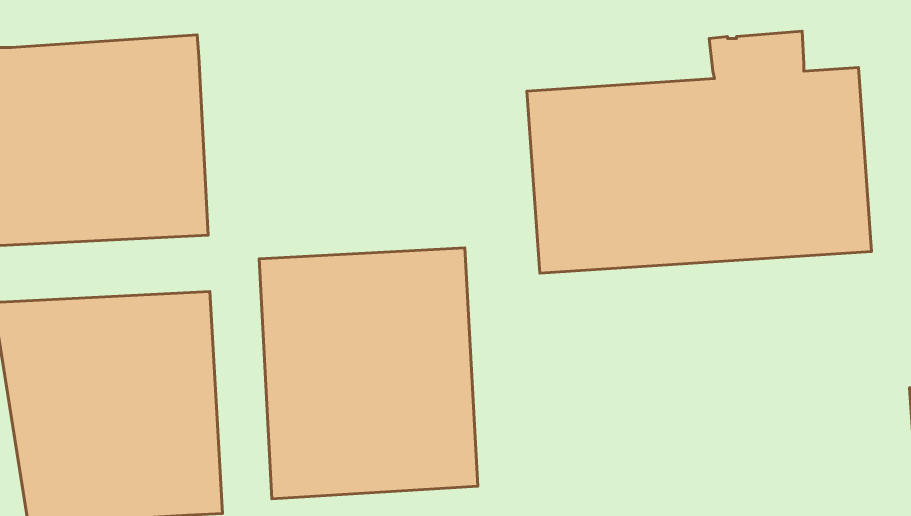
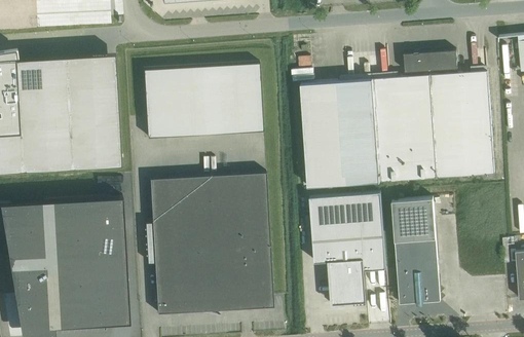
building: none -> [143,64,263,139]
building: none -> [309,192,385,306]
building: none -> [391,198,440,306]

